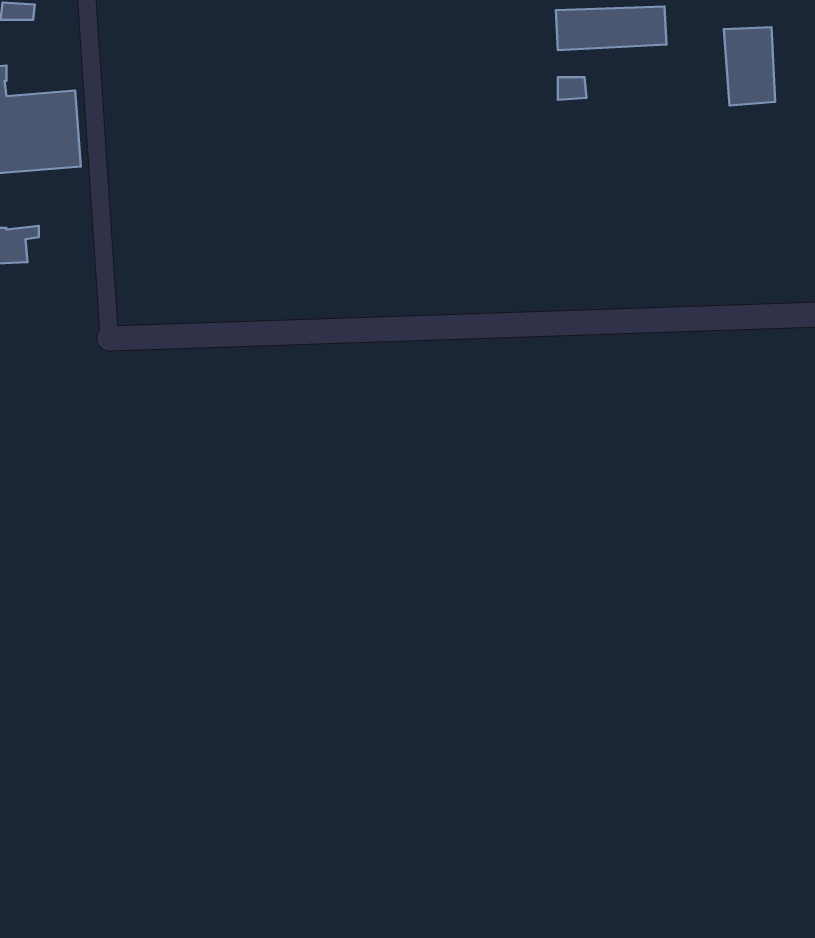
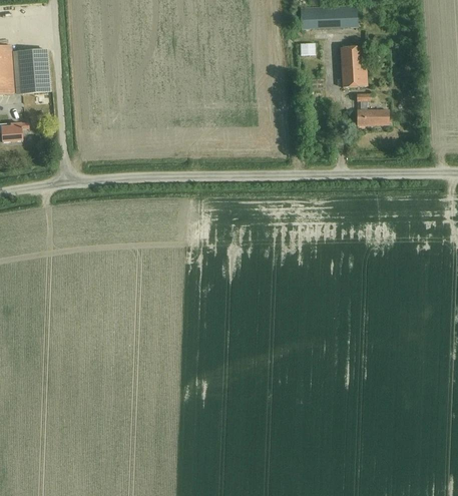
building: [724,27,775,106] -> [339,46,366,87]
building: none -> [356,93,388,124]

